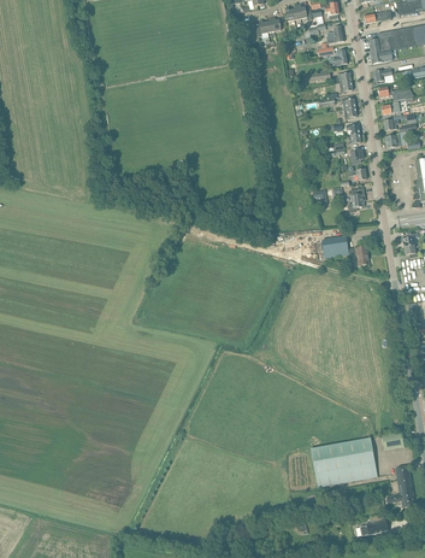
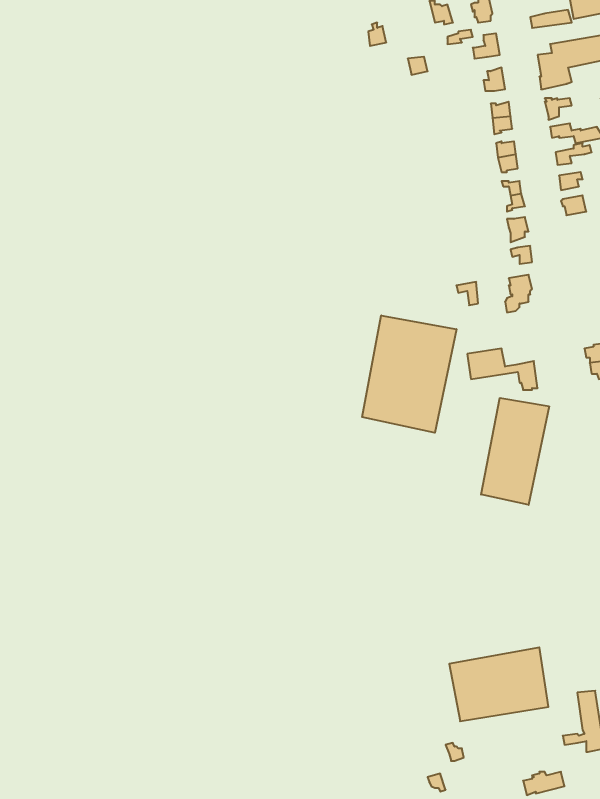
building: none -> [362,315,456,433]
building: none -> [481,398,549,505]

